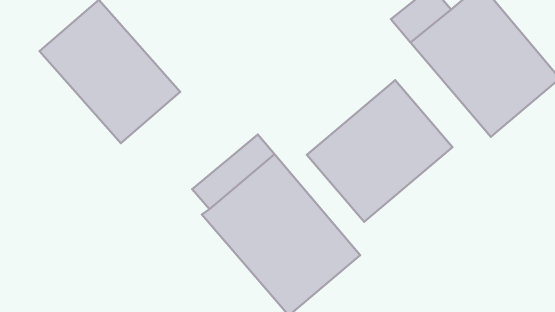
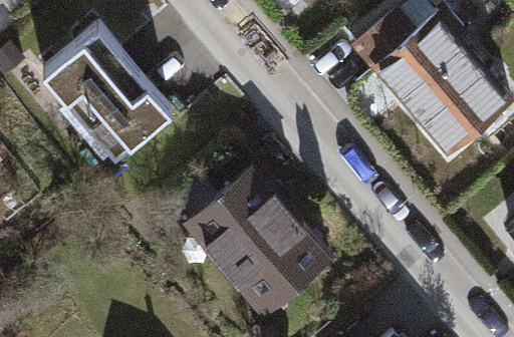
building: [307,80,453,222] -> none

